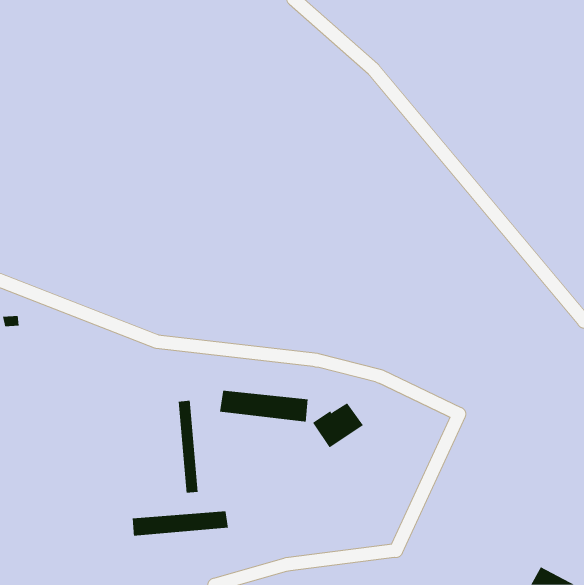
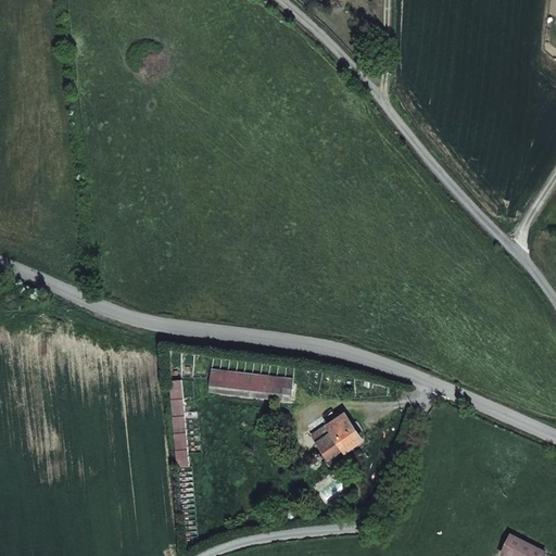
building: [312,402,364,448] -> [312,416,361,459]
building: [132,510,228,536] -> none

